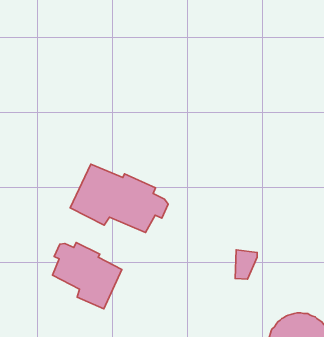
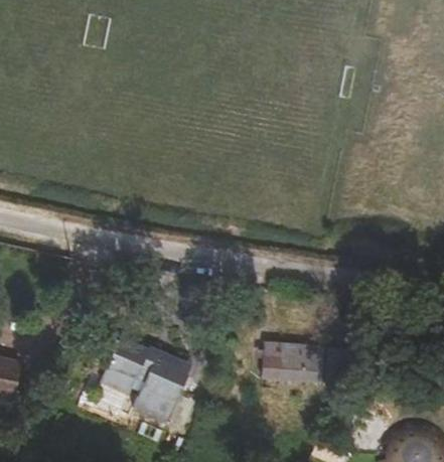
building: [70,164,168,233] -> none
building: none -> [261,346,323,384]

